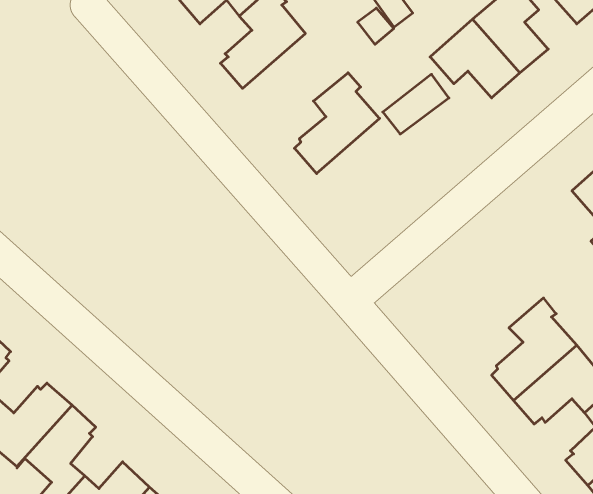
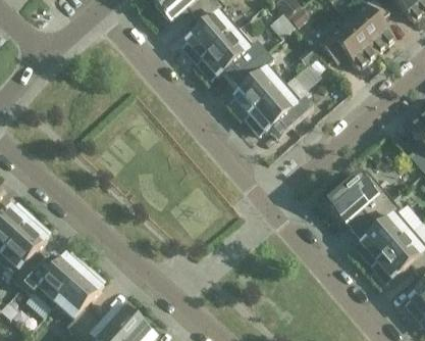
building: none -> [195,27,263,79]
building: none -> [243,82,311,134]
building: none -> [325,167,389,223]

